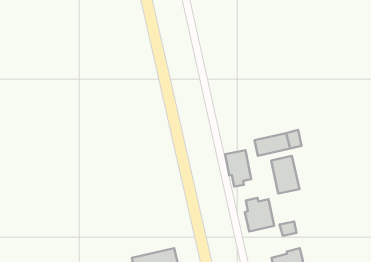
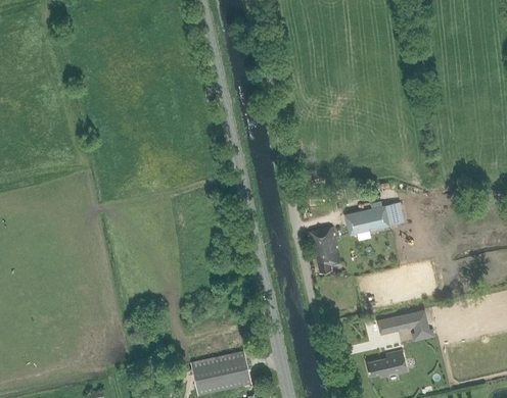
building: [271,156,300,193] -> none
building: [245,198,274,231] -> none
building: none -> [410,310,433,341]

